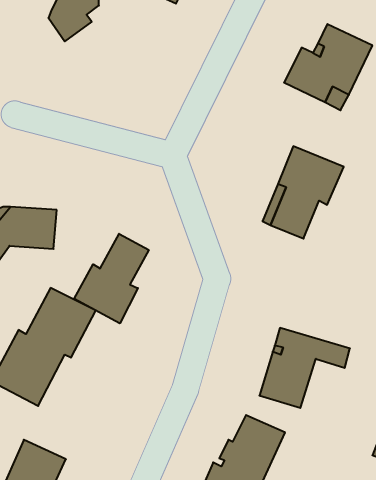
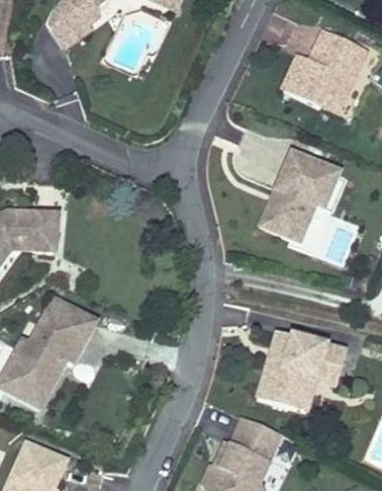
building: [74,234,149,323] -> none
building: none -> [298,360,342,412]

